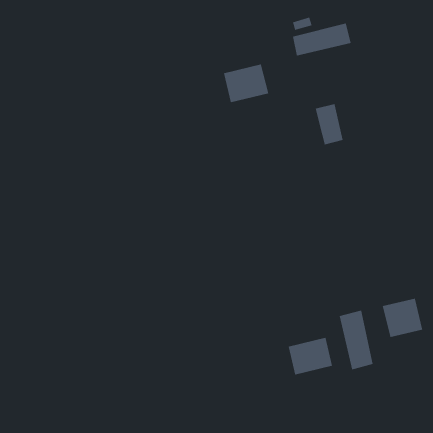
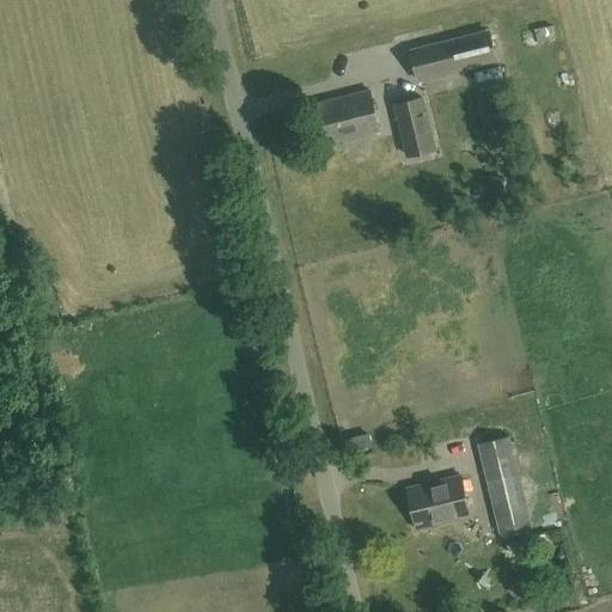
building: [315,104,344,145] -> [393,99,434,158]
building: [382,298,423,338] -> none

